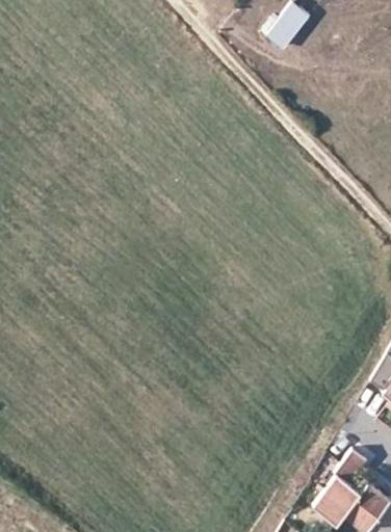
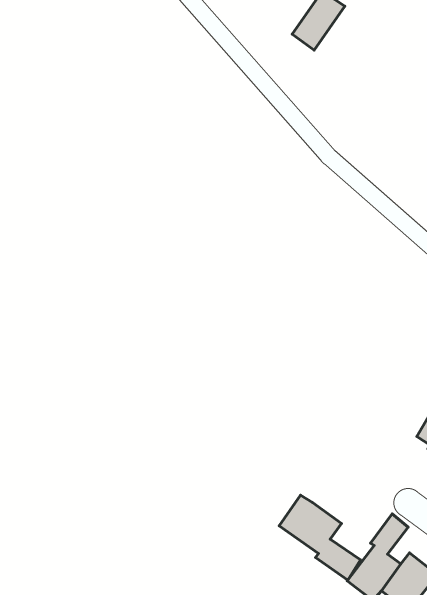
building: none -> [279,495,361,580]

